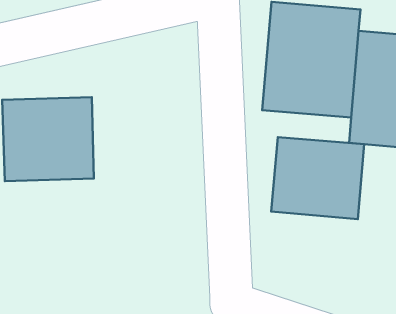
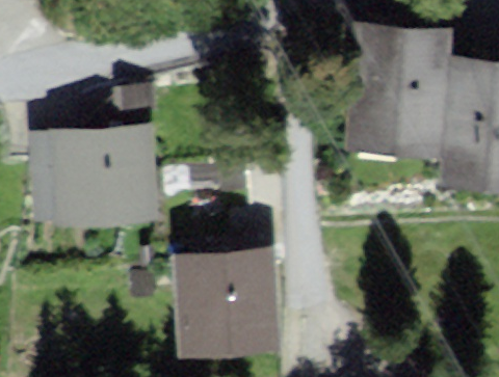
building: [271,137,364,219] -> none
building: none -> [178,255,279,356]

